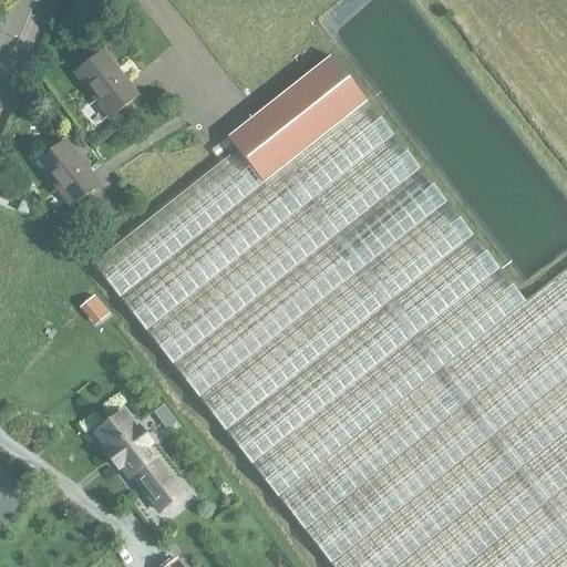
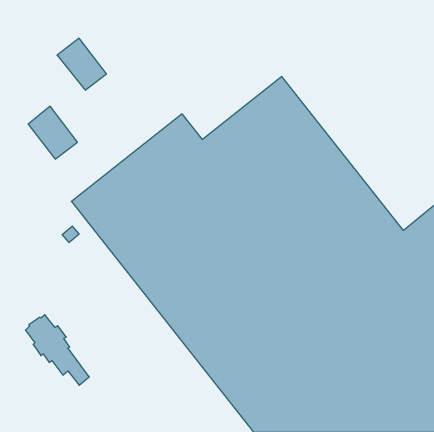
building: [229,54,368,182] -> none
building: [99,412,182,504] -> [25,315,89,385]

